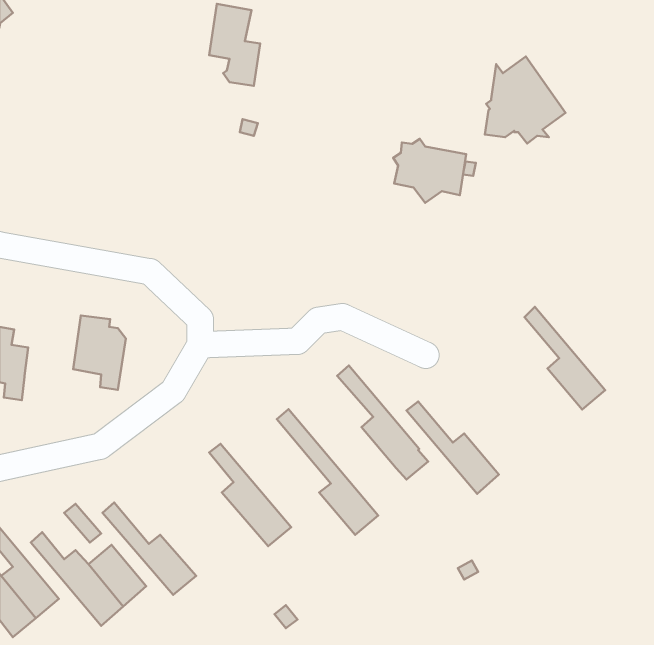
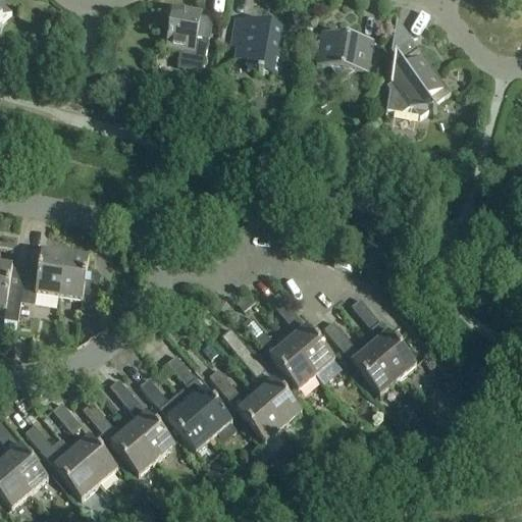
building: none -> [231,14,281,71]
building: [393,139,466,203] -> [314,25,372,76]
building: [524,307,605,409] -> [351,296,415,377]
building: none -> [19,248,64,301]
building: none -> [242,314,315,387]
building: none -> [208,366,282,440]
building: none -> [139,375,213,450]
building: none -> [109,376,173,458]

